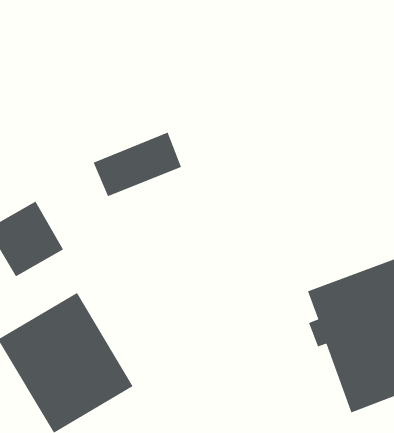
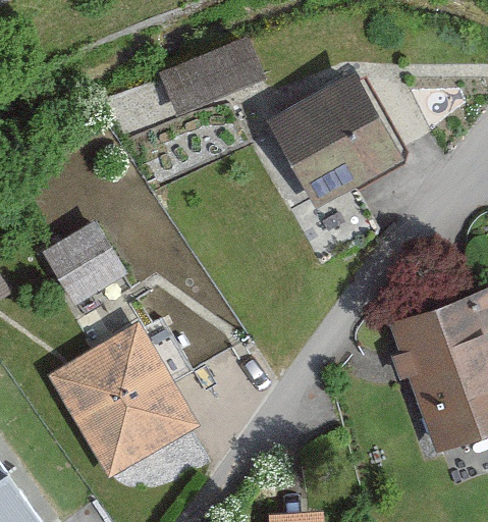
building: none -> [262,75,394,206]
building: [93,132,182,197] -> [161,40,259,111]

